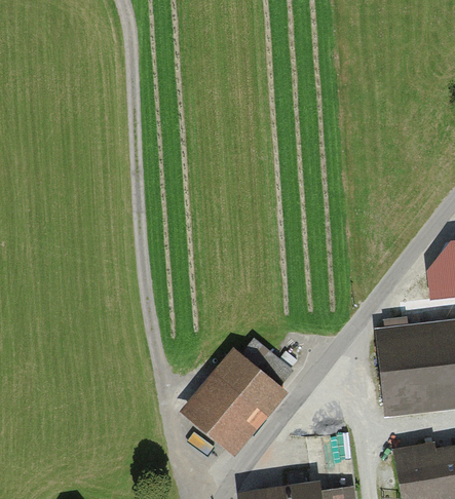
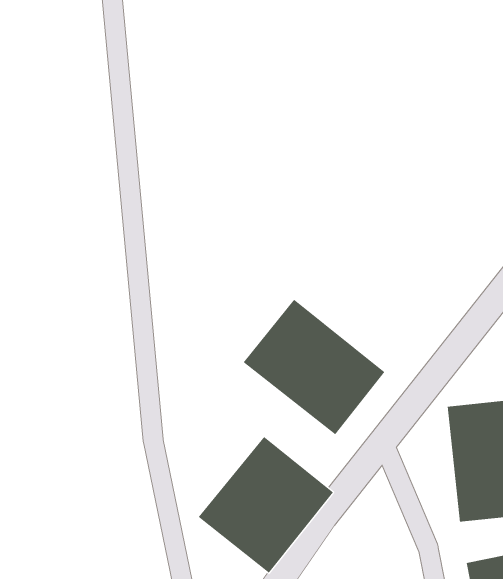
building: none -> [243,299,385,435]

